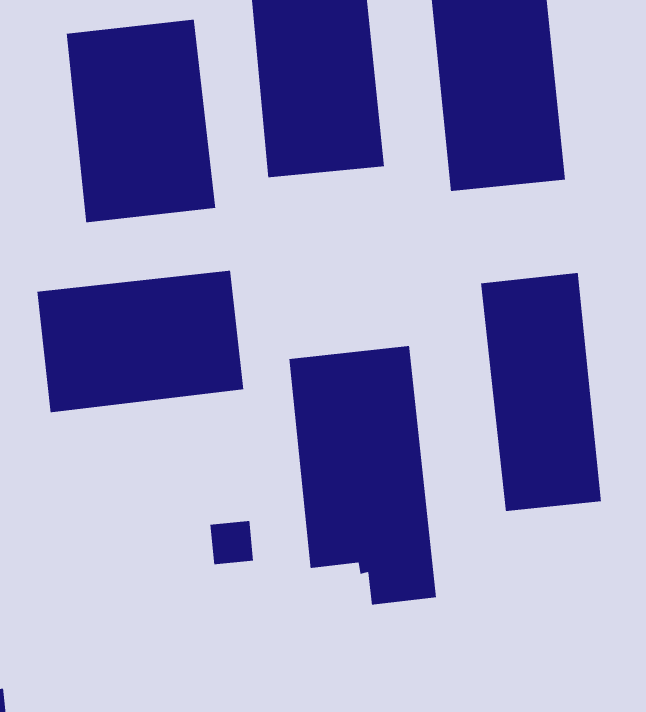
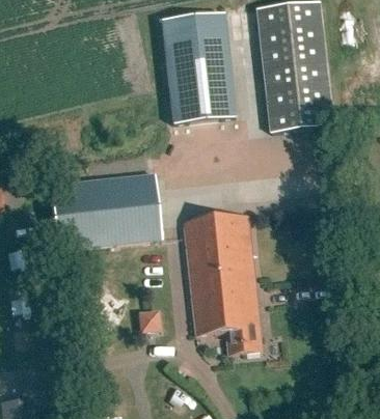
building: [66,19,216,223] -> none
building: [481,272,601,512] -> none

